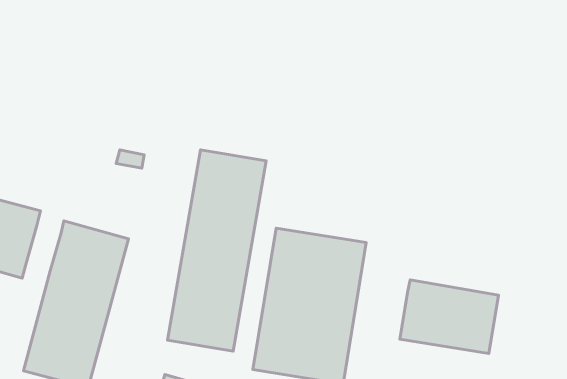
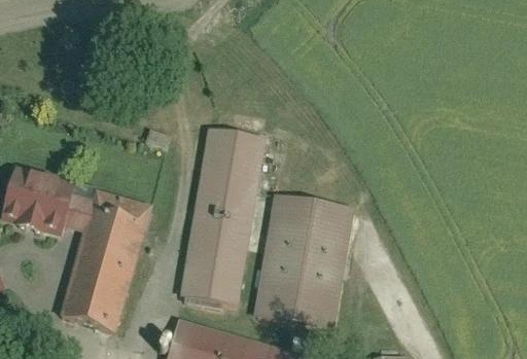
building: none -> [63,193,93,231]
building: [400,280,498,354] -> none

